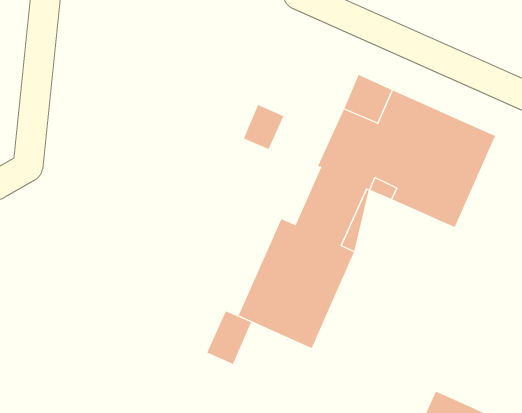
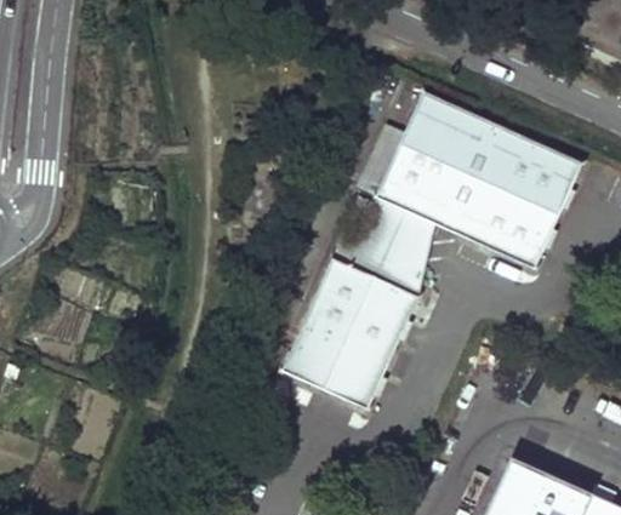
building: [243,104,284,150] -> none
building: [206,311,252,365] -> none

